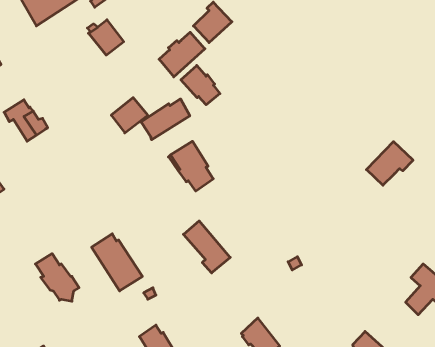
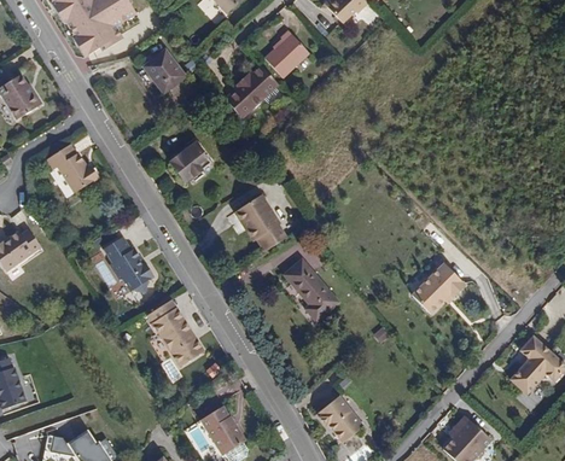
building: [181,65,220,105] -> none
building: [140,99,190,140] -> none
building: [366,142,413,185] -> [413,263,467,314]
building: [183,221,230,273] -> [284,259,338,320]
building: [35,254,79,301] -> [103,235,153,291]

